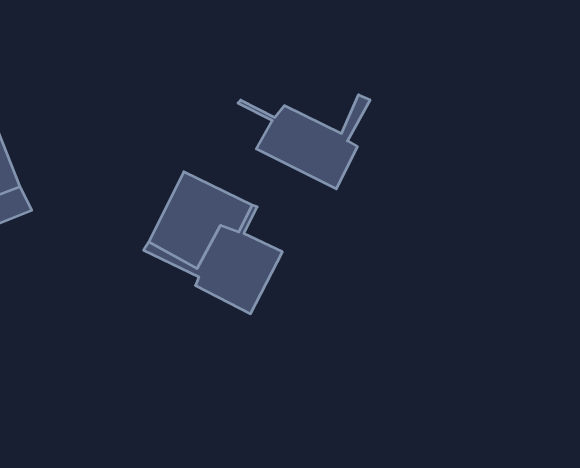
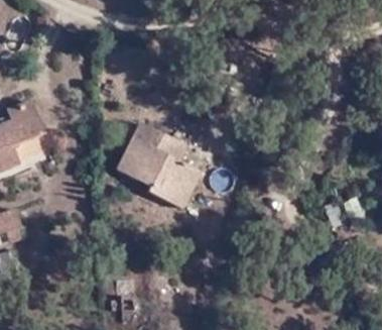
building: [238,95,370,189] -> none

